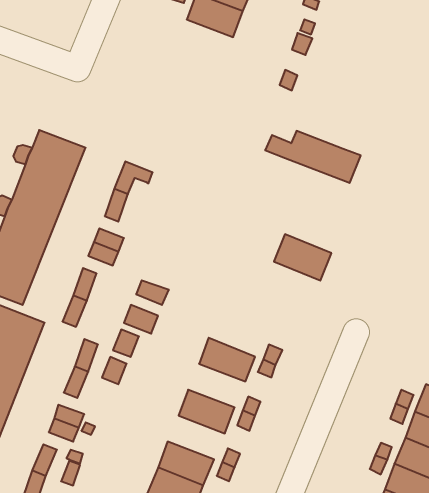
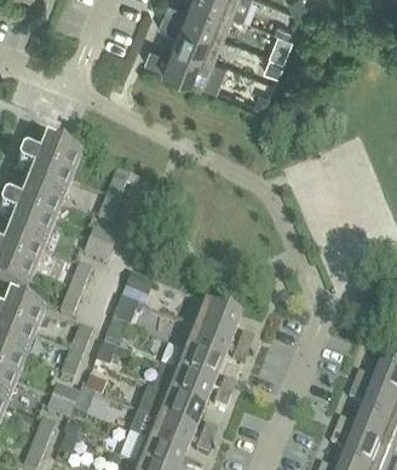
building: [265,131,361,183] -> [142,44,226,90]
building: [274,234,331,281] -> [189,302,240,343]
building: none -> [171,349,221,388]
building: none -> [138,388,203,434]

